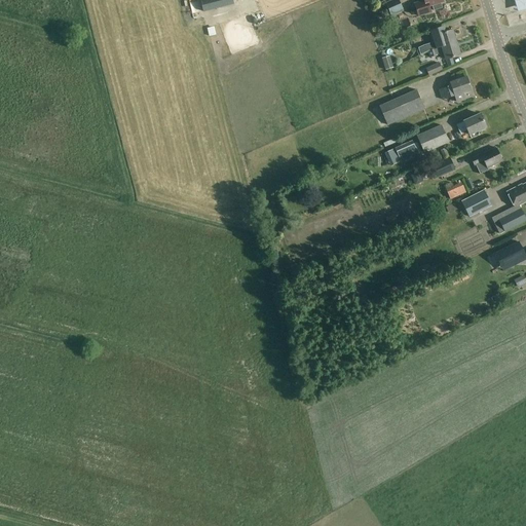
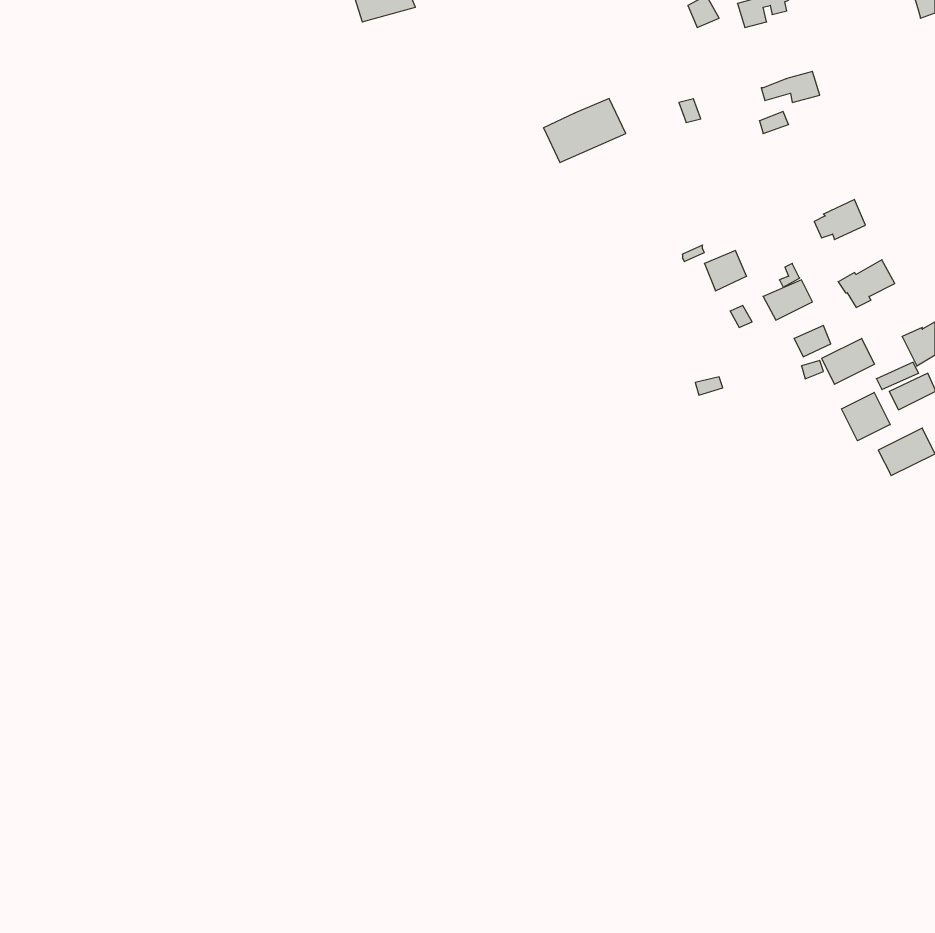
building: [418,25,456,53] -> none
building: [440,77,472,101] -> none
building: [379,89,425,125] -> [543,99,626,163]
building: [417,124,449,153] -> none
building: none -> [842,392,890,441]

